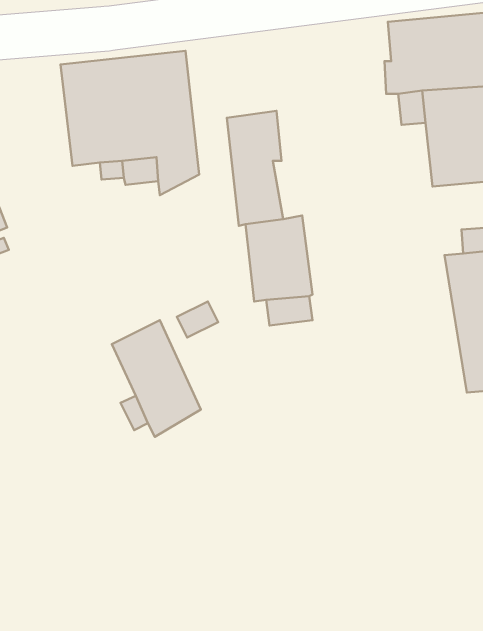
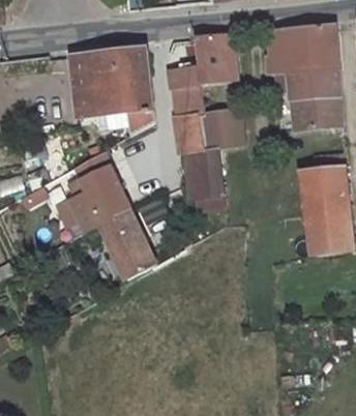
building: none -> [169,33,237,87]
building: none -> [199,108,243,148]
building: none -> [57,151,130,231]

